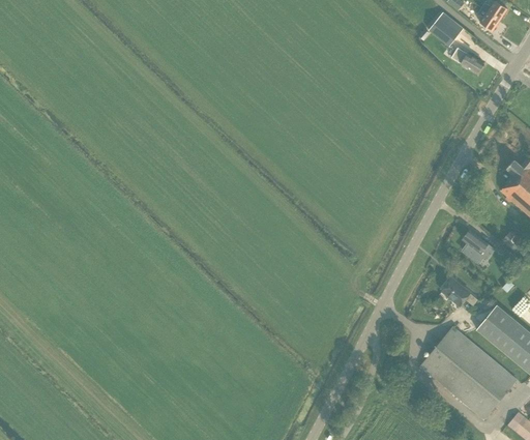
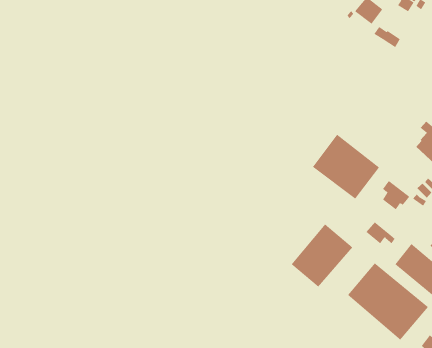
building: none -> [312,134,380,199]
building: none -> [291,223,353,288]

